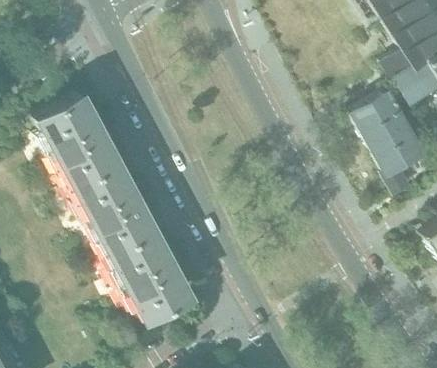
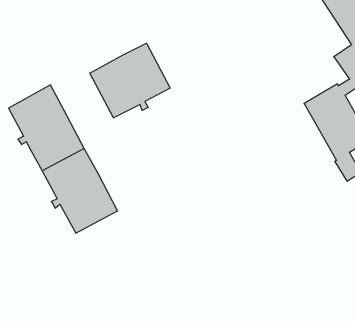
building: none -> [90,43,170,118]
building: [109,228,190,319] -> none

